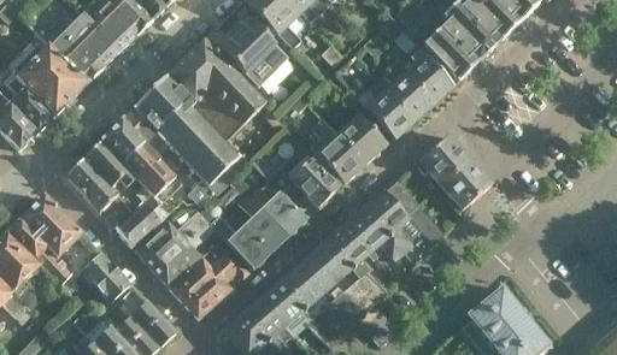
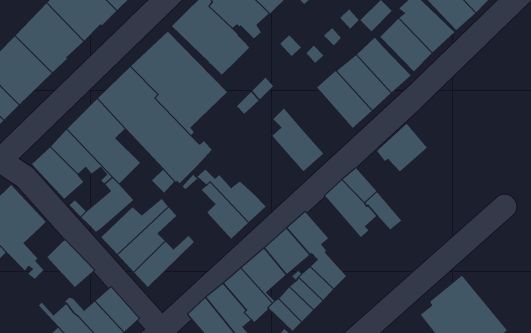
building: [337,113,387,164] -> none
building: [253,146,340,207] -> none
building: [442,158,493,209] -> none
building: [200,203,270,267] -> none
building: [346,207,402,256] -> none
building: [184,254,248,316] -> none

